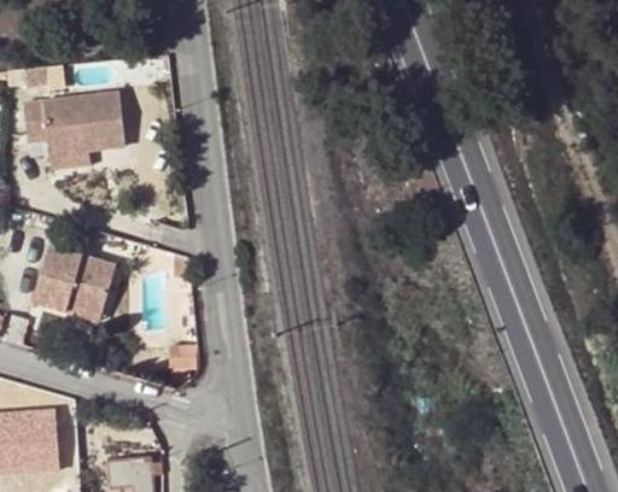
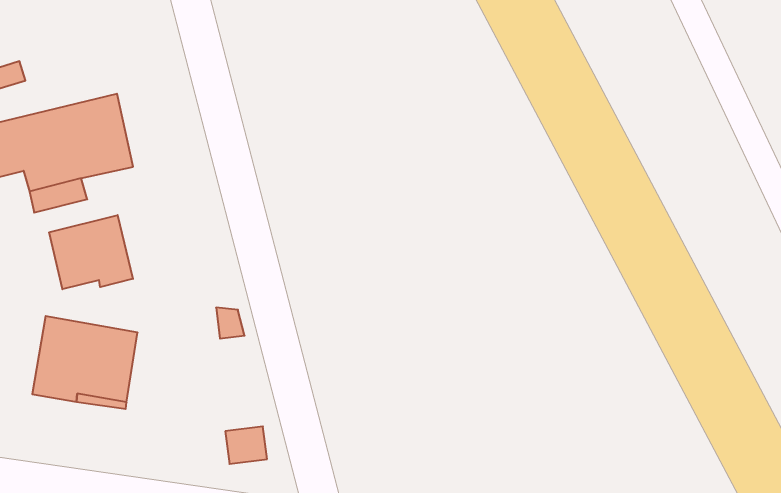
building: none -> [49,215,133,289]

